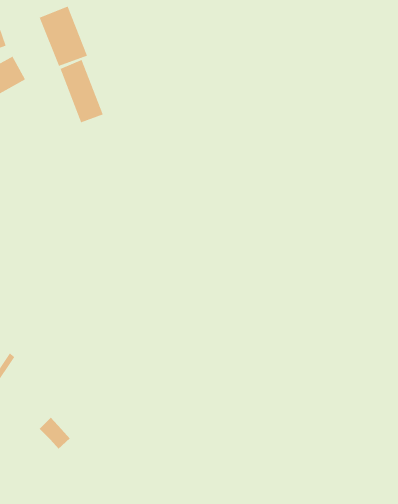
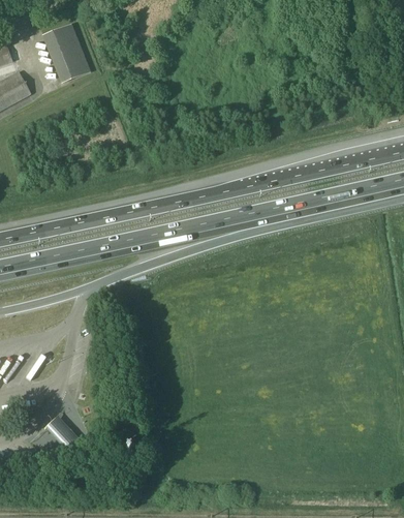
building: [60,59,104,123] -> none

